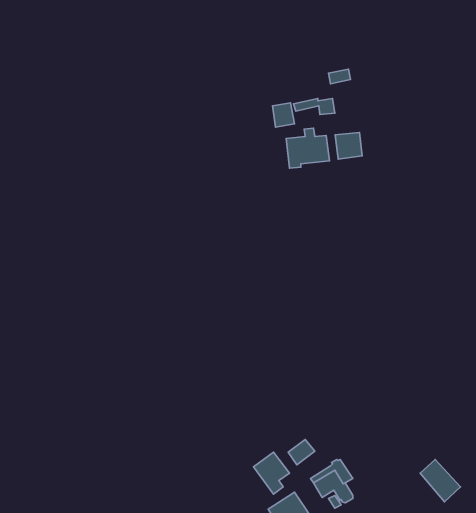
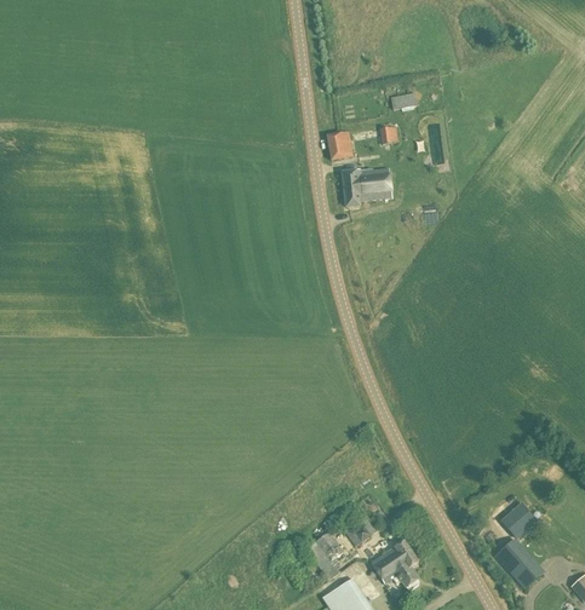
building: [335,133,362,159] -> none
building: none -> [495,500,533,536]

